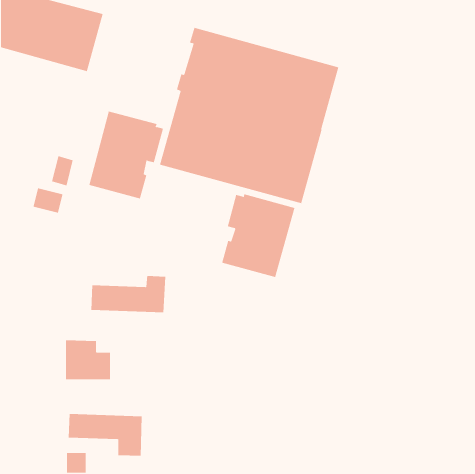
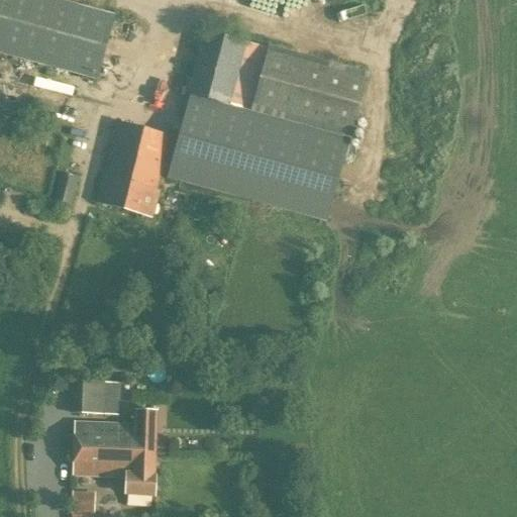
building: [33,188,63,213] -> none
building: [222,194,295,278] -> none
building: [91,276,166,313] -> [76,411,158,451]

